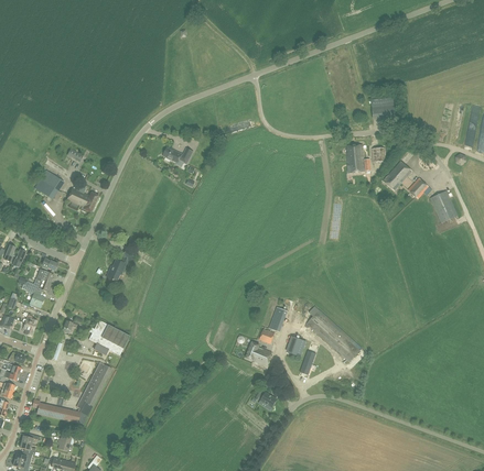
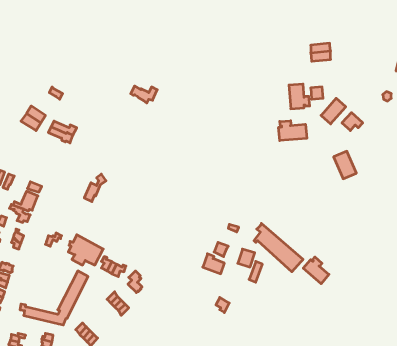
building: none -> [279,121,307,141]
building: [430,190,456,222] -> [334,151,356,179]
building: none -> [303,257,329,284]

